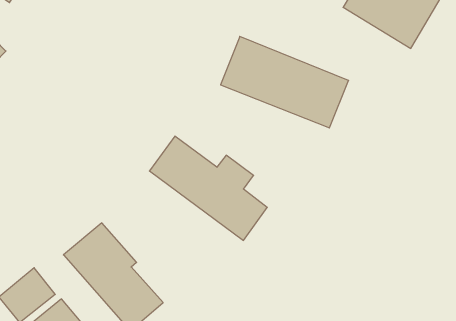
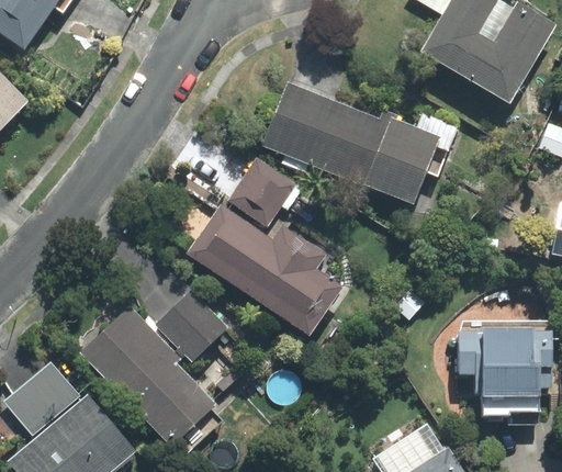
building: none -> [232,160,294,223]
building: none -> [159,293,224,359]
building: none -> [467,326,554,412]

